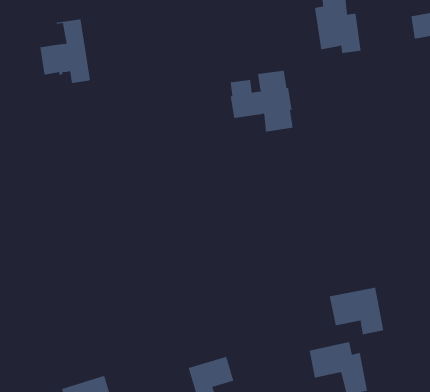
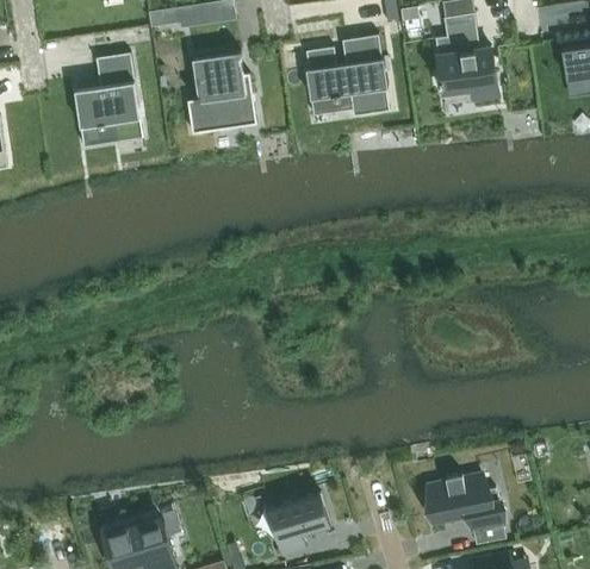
building: none -> [186,54,254,135]
building: [230,70,294,132] -> [305,36,389,117]
building: [329,287,384,335] -> none

